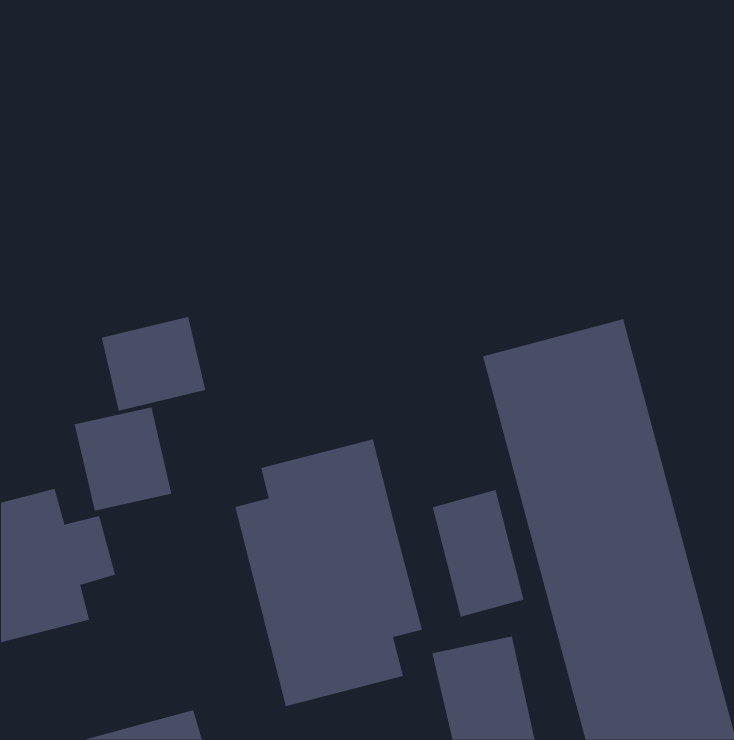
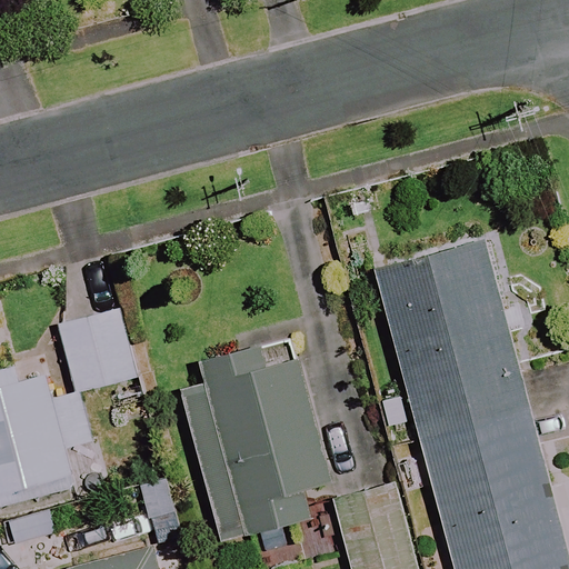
building: [101,316,206,412] -> none
building: [432,489,524,618] -> none

